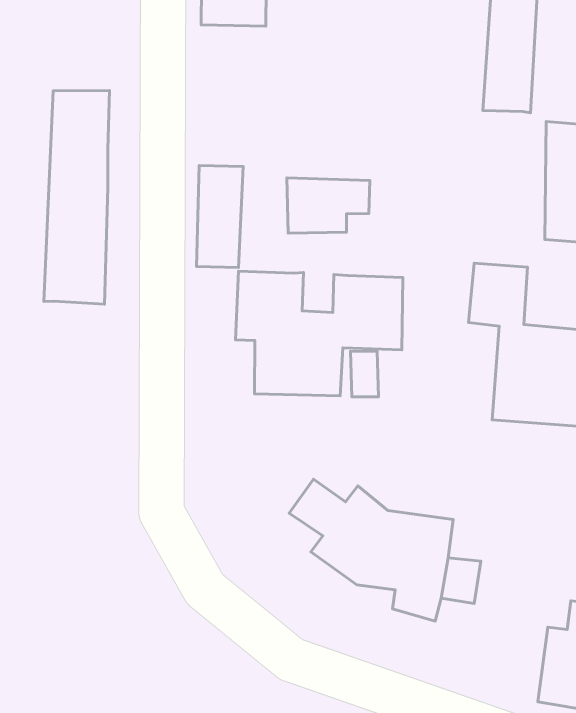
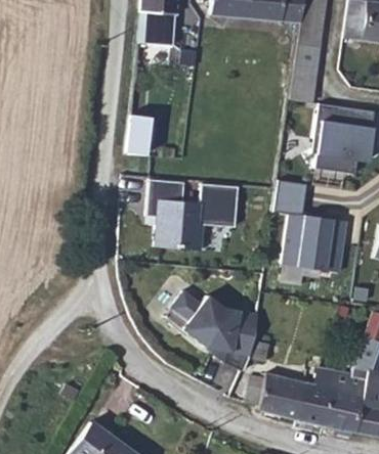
building: [44,91,109,304] -> none
building: [287,178,370,233] -> none
building: none -> [244,371,304,419]

